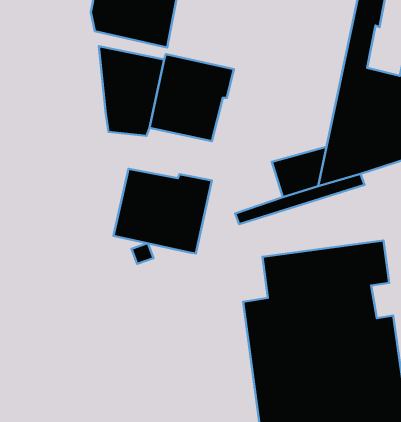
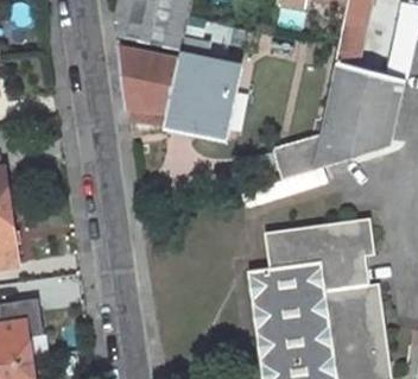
building: [114,169,212,254] -> none

